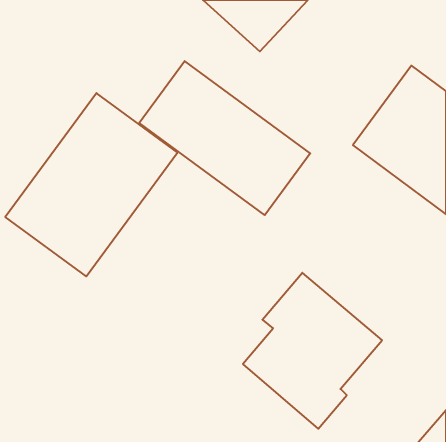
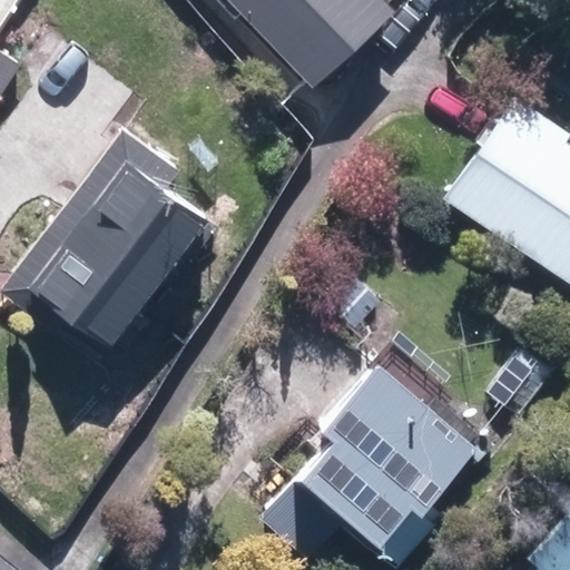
building: [139,61,310,215] -> none

